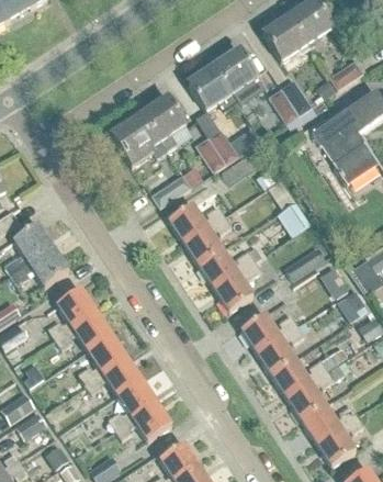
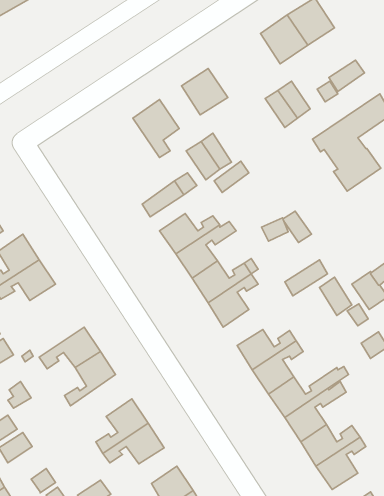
building: [214,48,266,105] -> none
building: [112,113,168,165] -> none
building: [49,288,97,339] -> none
building: [83,356,142,395] -> none

